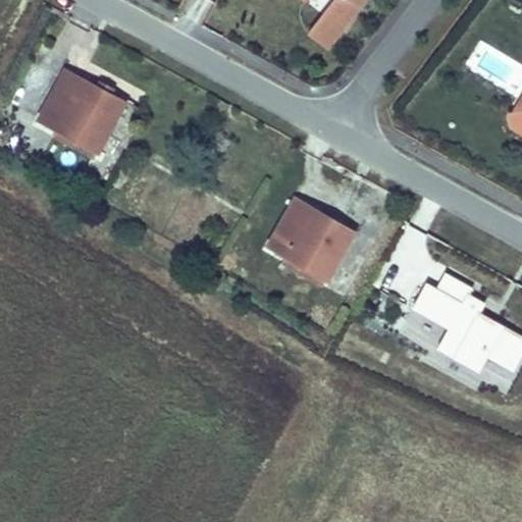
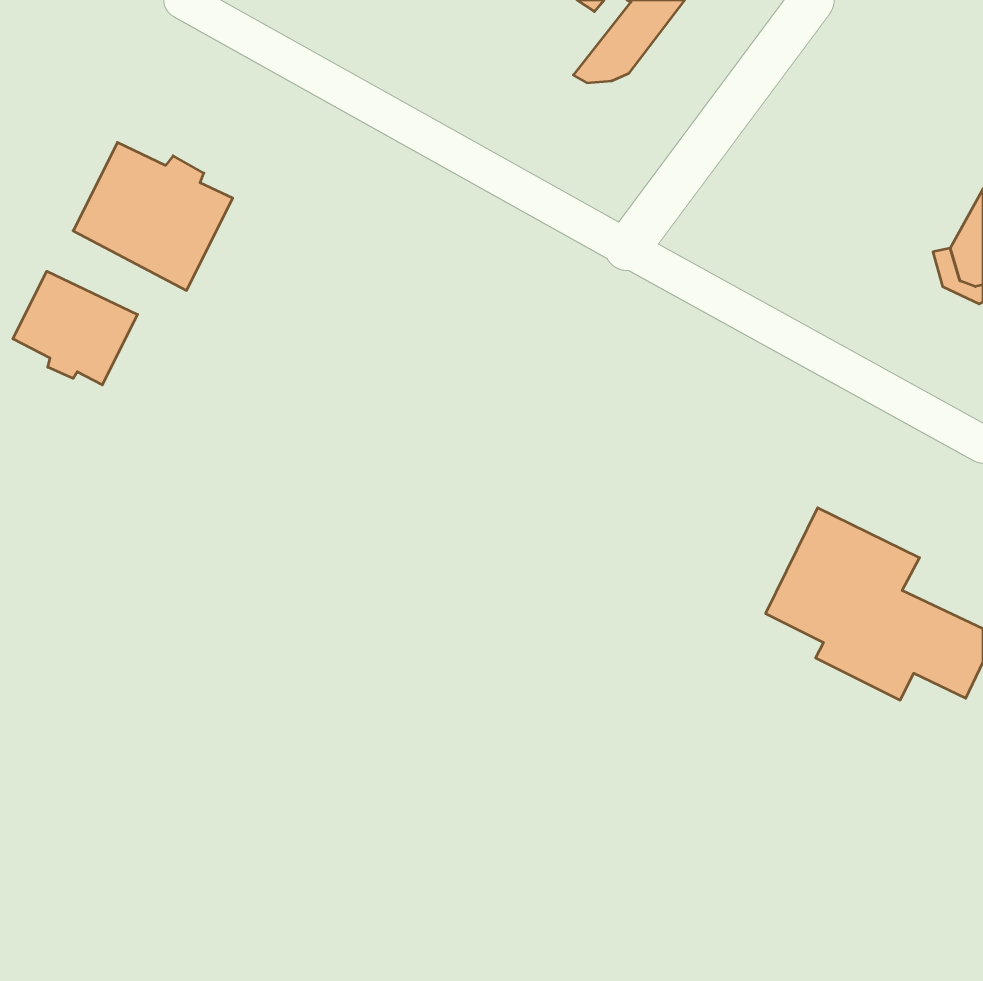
building: none -> [13,271,138,385]
building: [273,200,354,276] -> none

